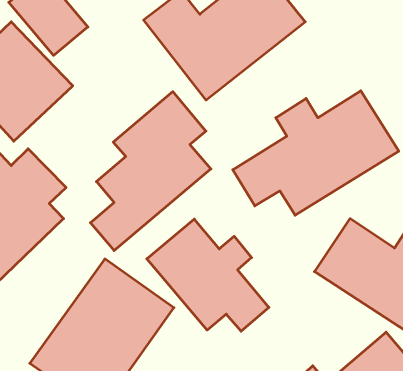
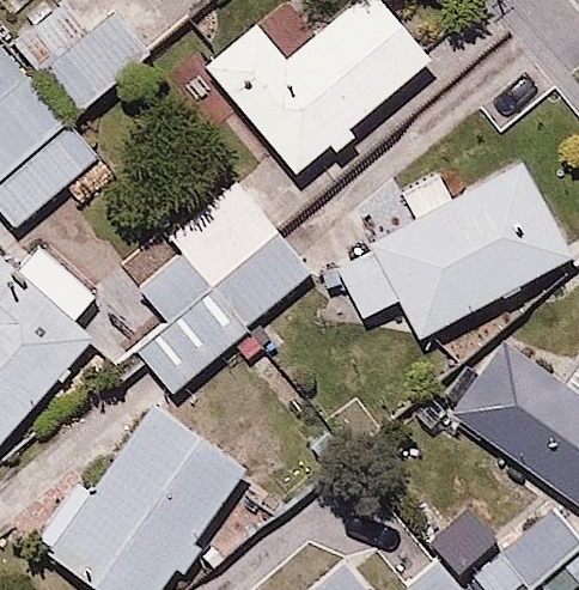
building: [147,219,269,331] -> none

